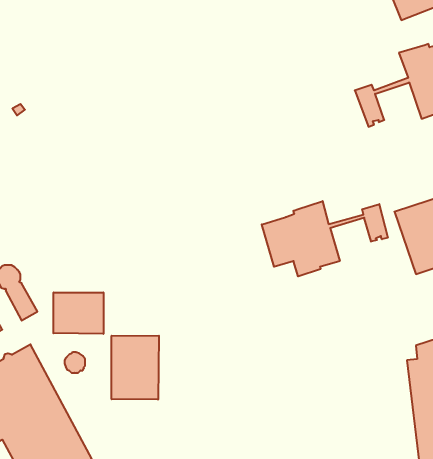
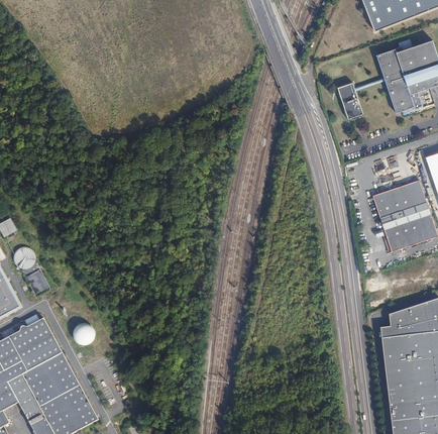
building: [262,201,388,276] -> none
building: [53,292,103,334] -> none
building: [112,336,159,400] -> none

